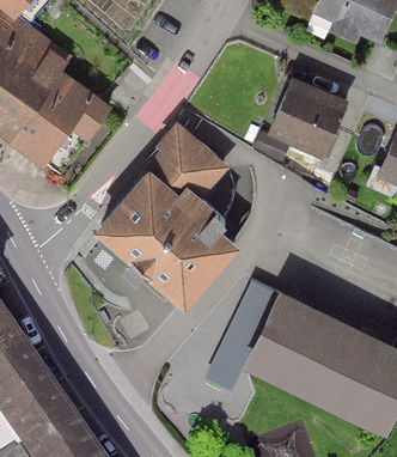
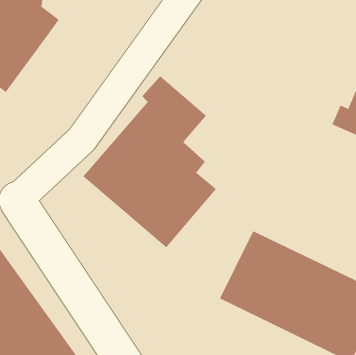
building: [269,68,352,153] -> none
building: [10,73,114,172] -> none
building: [204,284,280,392] -> none

